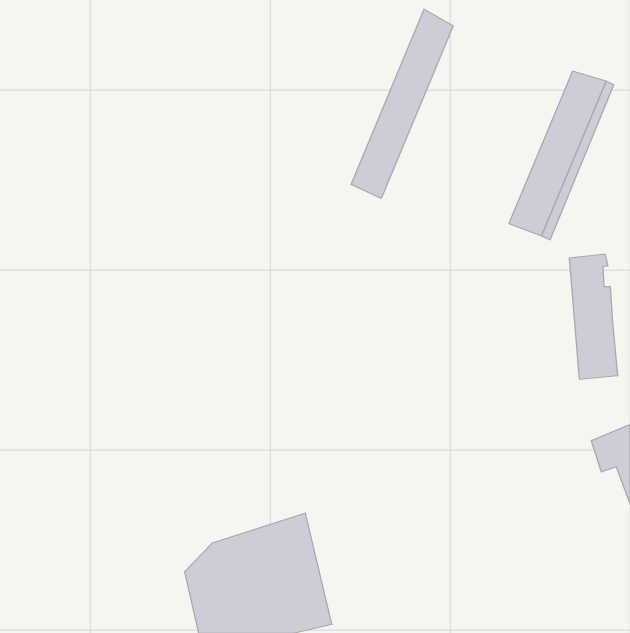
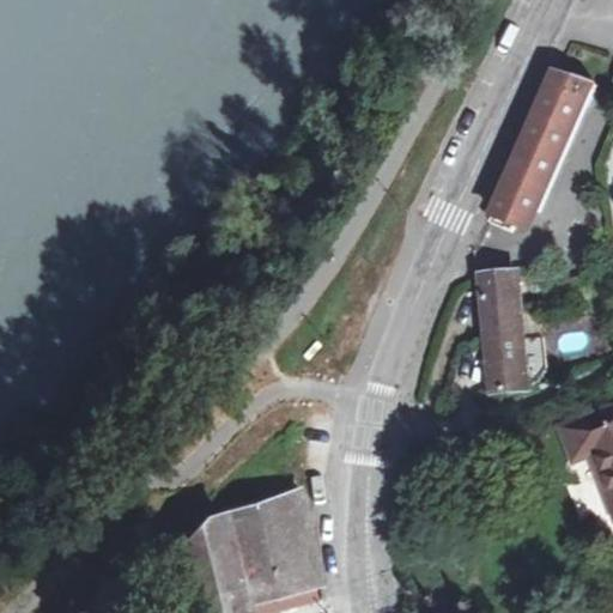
building: [351,9,453,198] -> none
building: [569,254,618,379] -> [482,269,529,389]

